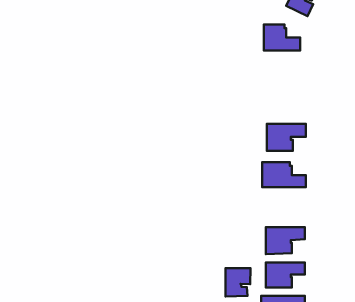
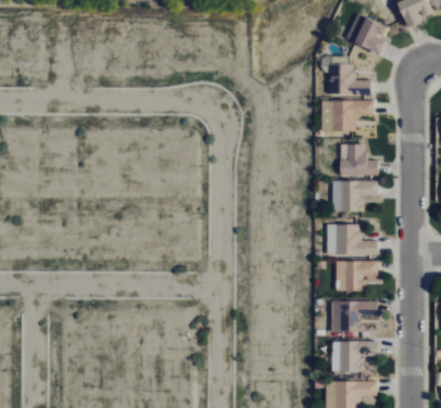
building: none -> [322,101,373,131]
building: none -> [340,144,378,175]
building: none -> [336,260,378,291]
building: [225,268,250,296] -> none

